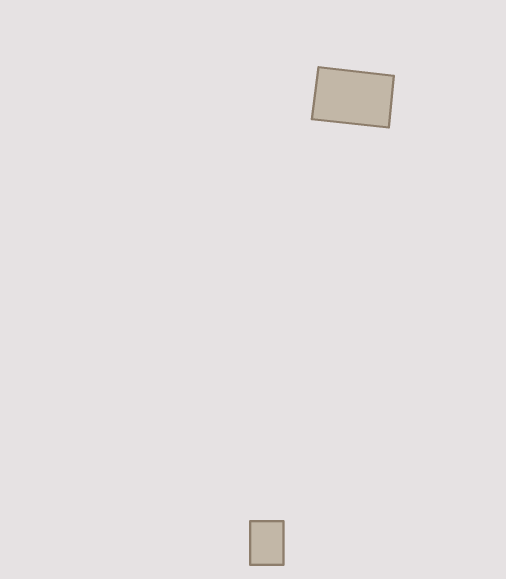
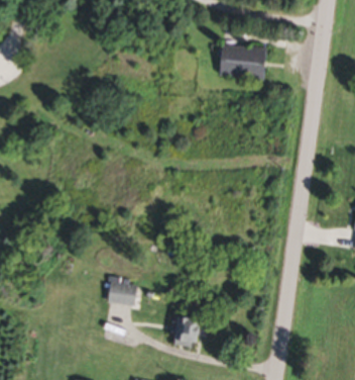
building: none -> [112,281,143,305]

